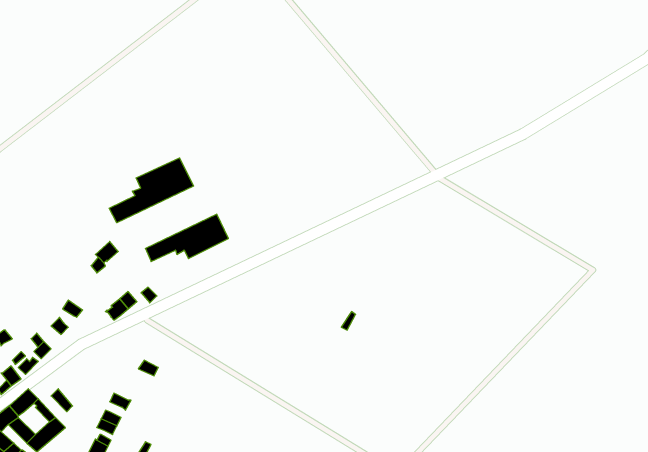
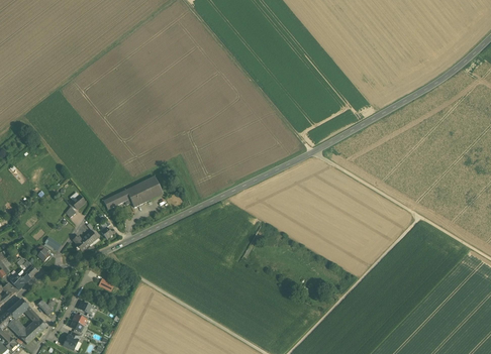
building: [109,158,193,223] -> none

